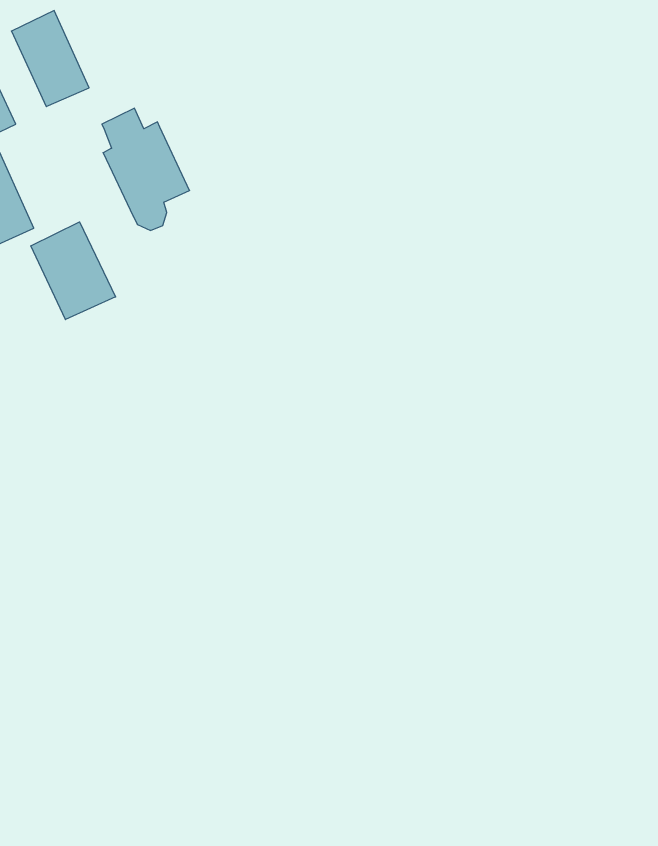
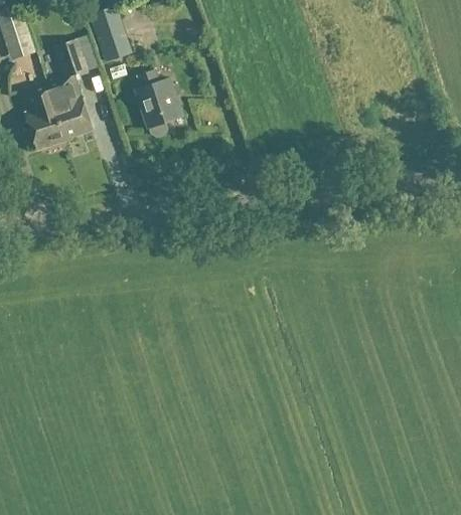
building: [31,222,116,320] -> none

